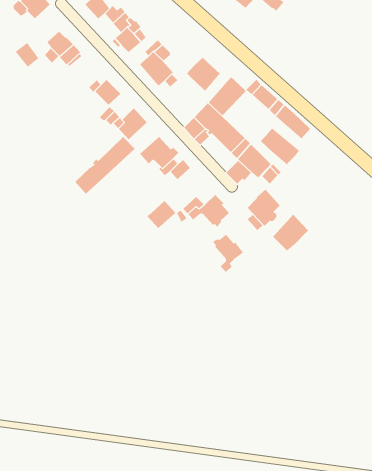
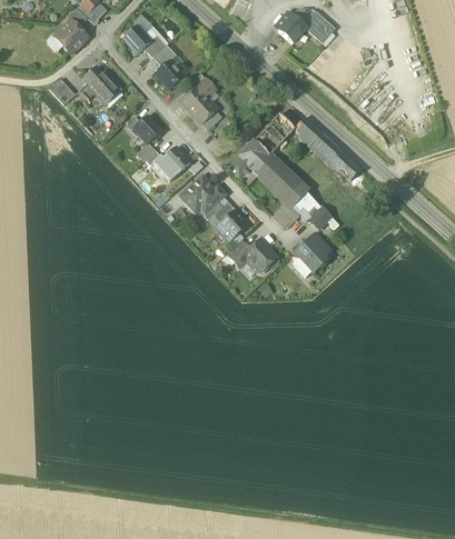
building: [186,56,221,91] -> none
building: [260,128,300,166] -> none
building: [75,136,136,195] -> none
building: [147,200,176,229] -> [216,209,247,239]
building: [270,214,309,252] -> none
building: [213,234,244,273] -> none

